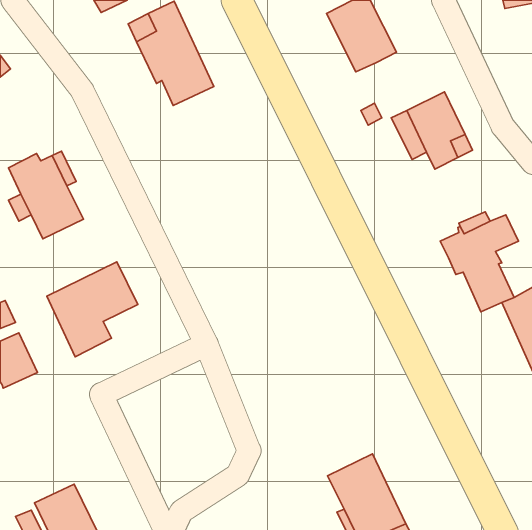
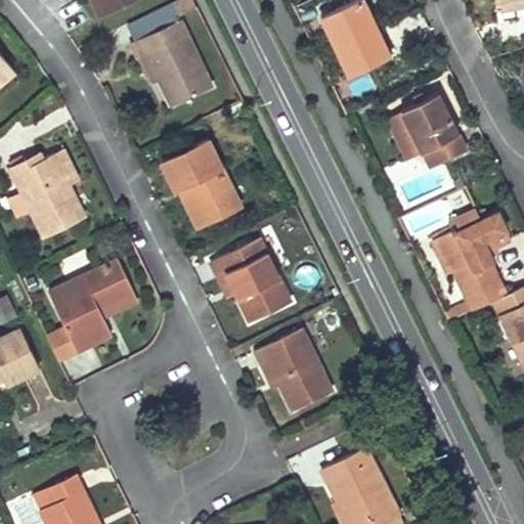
building: none -> [162,141,239,229]
building: none -> [211,239,290,322]
building: none -> [256,330,332,410]

